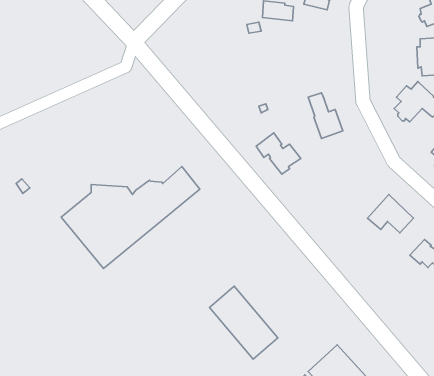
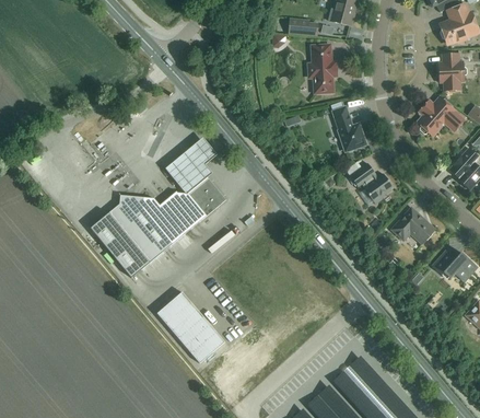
building: none -> [306,45,335,93]
building: none -> [165,141,216,197]
building: [256,133,301,174] -> [349,163,393,204]
building: [210,286,278,359] -> [156,292,223,363]

